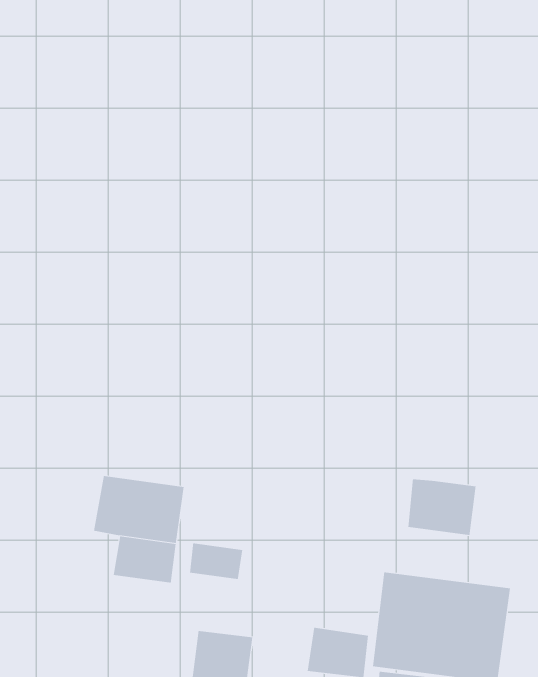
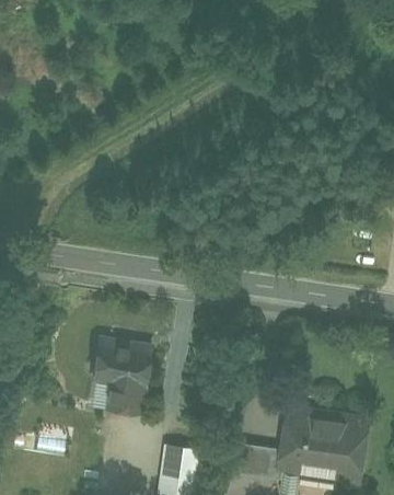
building: [408,479,476,536] -> none
building: [190,543,243,580] -> none

